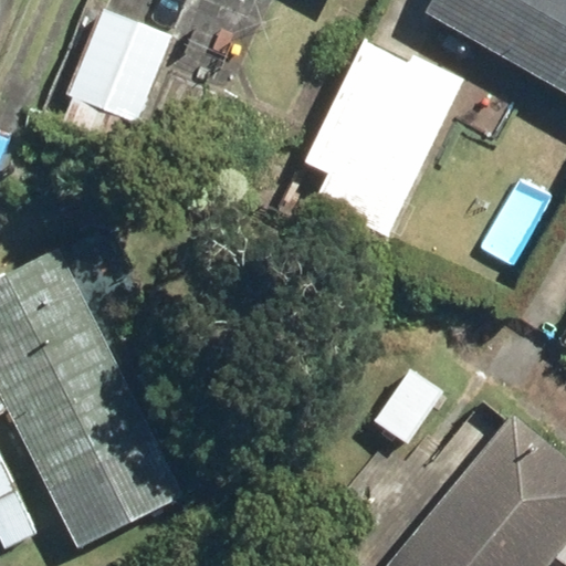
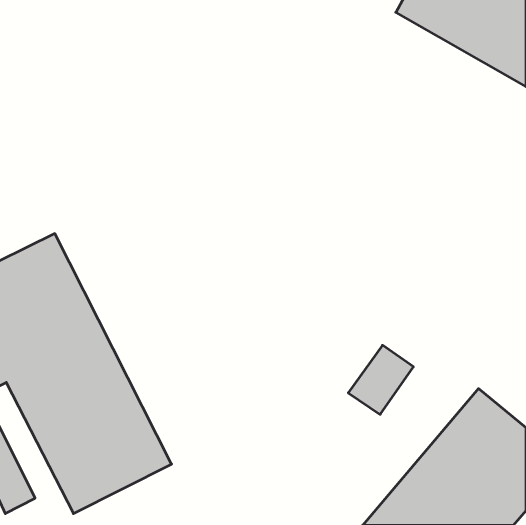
building: [67,9,172,123] -> none
building: [304,39,463,237] -> none

